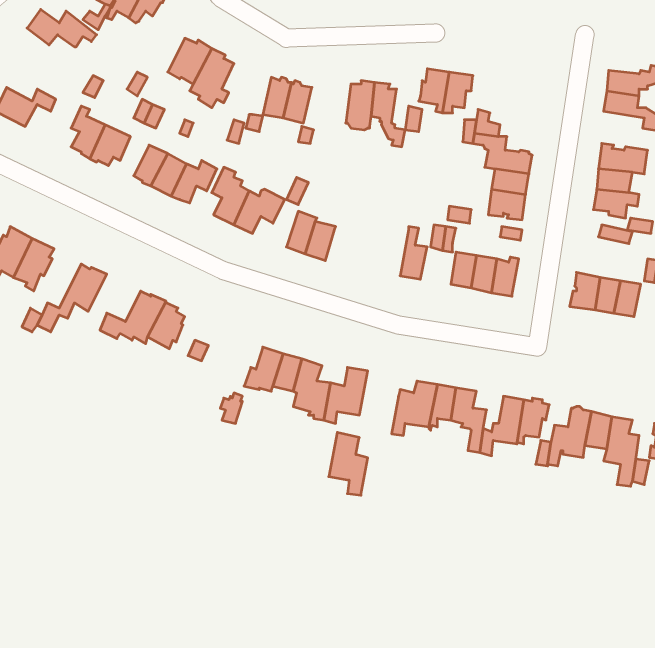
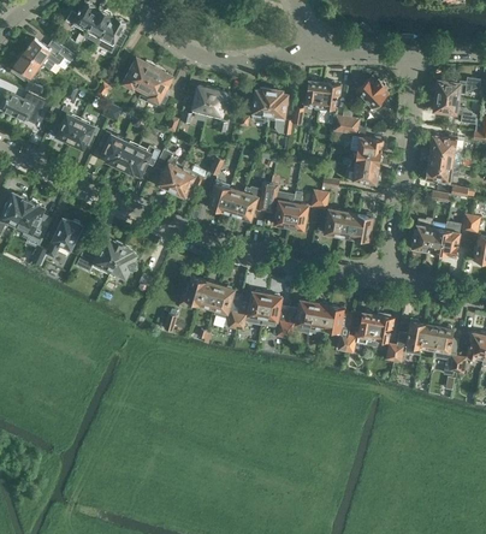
building: none -> [13,51,42,95]
building: none -> [356,76,390,108]
building: none -> [267,183,296,226]
building: none -> [237,186,263,219]
building: [329,432,368,495] -> [261,293,289,338]

